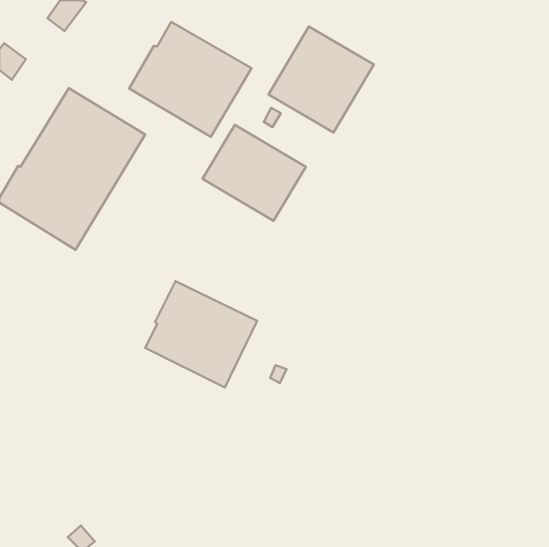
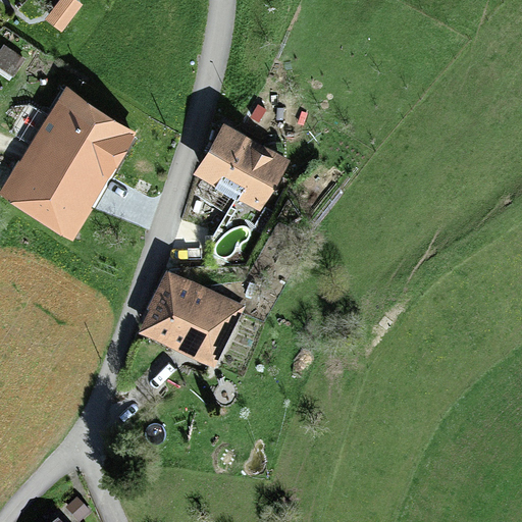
building: [129,22,252,137] -> none
building: [268,26,374,133] -> none

